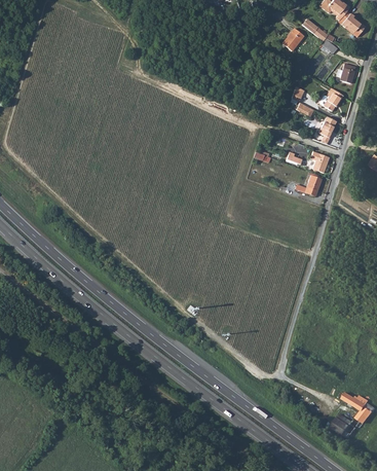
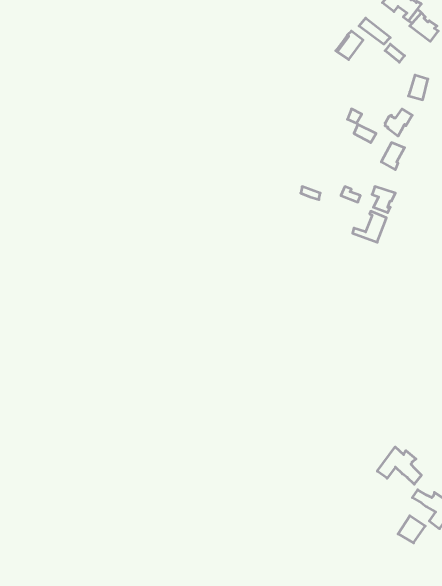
building: none -> [377,447,421,484]

